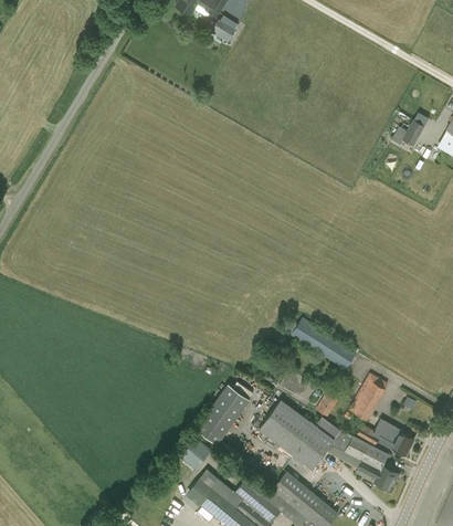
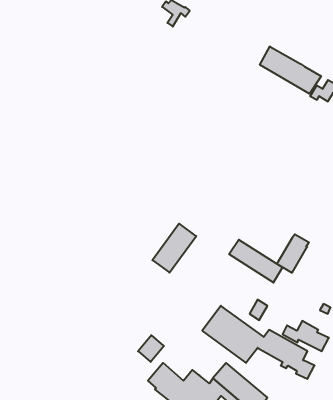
building: none -> [260,46,321,94]
building: [348,372,388,420] -> [277,234,309,273]
building: [196,382,250,443] -> [152,224,196,273]

